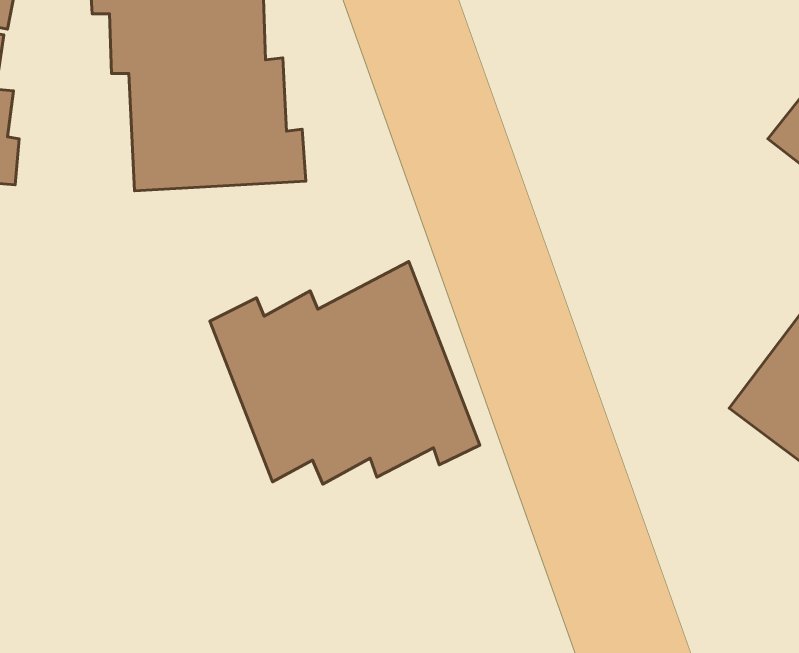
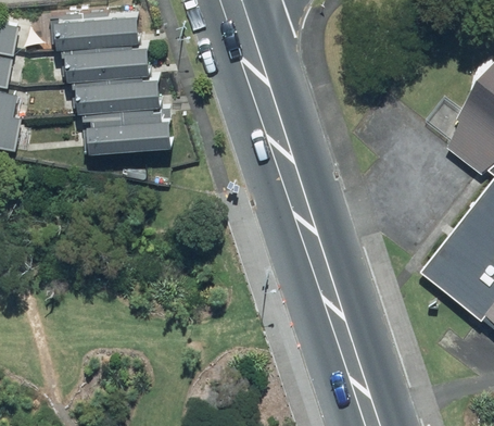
building: [210,261,480,484] -> none

